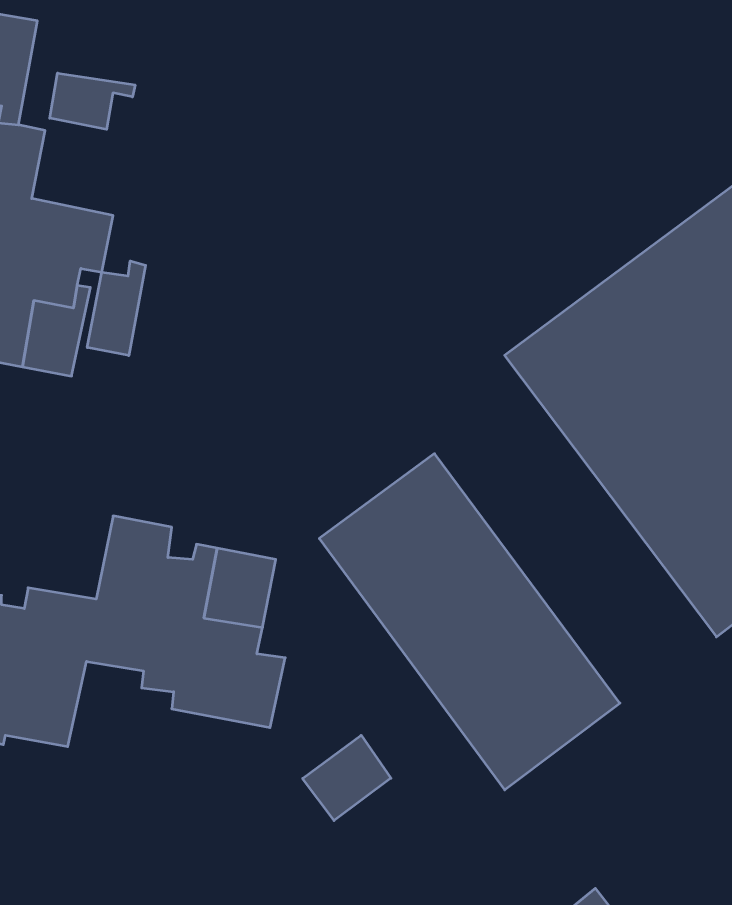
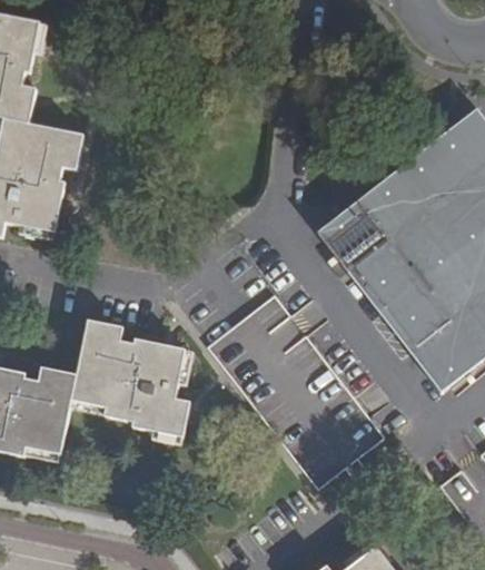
building: [50,73,135,129] -> none
building: [87,261,146,356] -> none
building: [303,735,391,821] -> none

